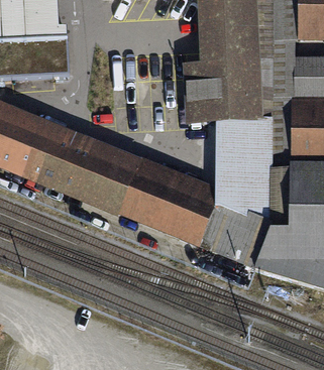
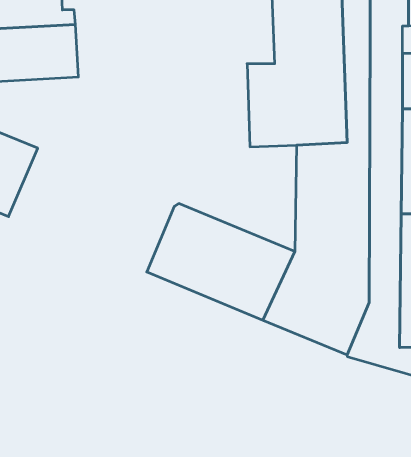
building: [21,121,136,207] -> none

